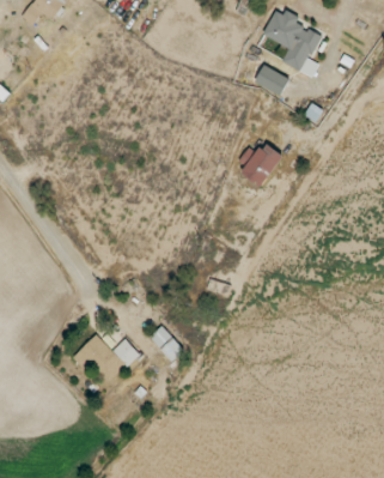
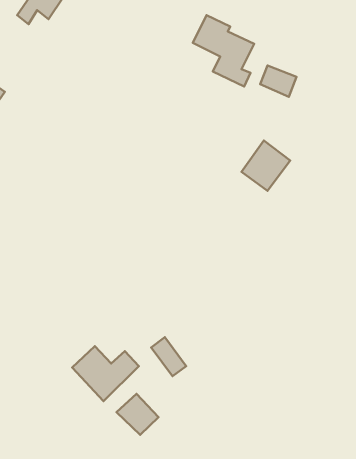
building: [263,7,322,75] -> [193,15,254,87]
building: none -> [117,394,159,435]

